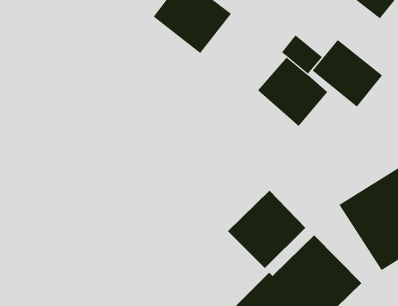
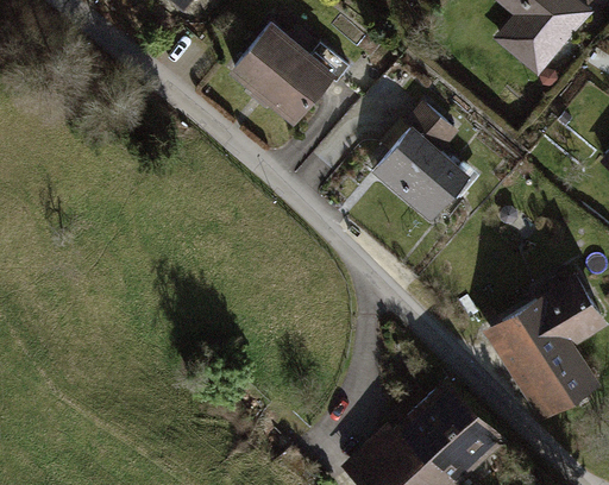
building: [312,39,383,107] -> none
building: [227,190,306,269] -> none

